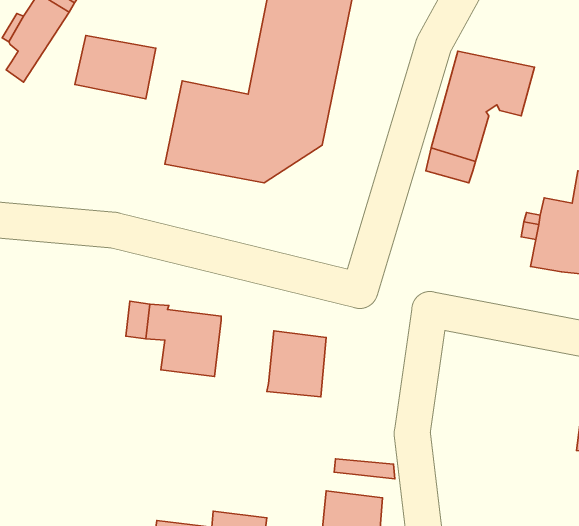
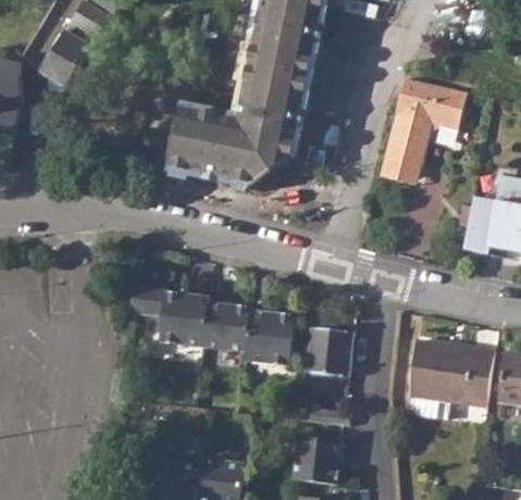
building: [75,35,156,99] -> none
building: none -> [207,298,255,349]
building: none -> [309,320,356,375]
building: none -> [408,341,495,407]

